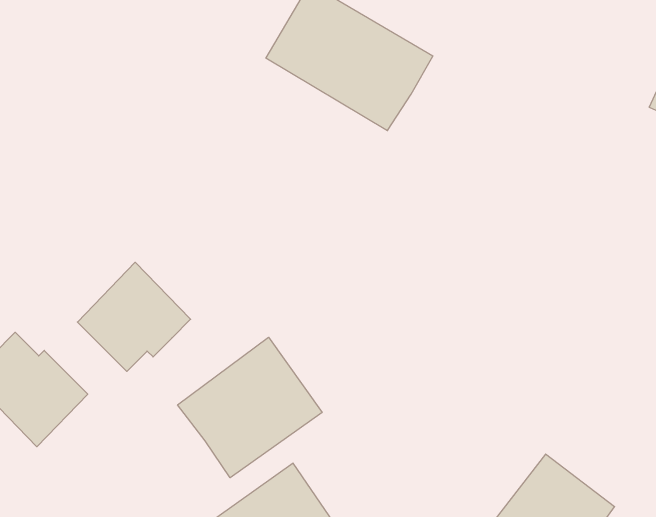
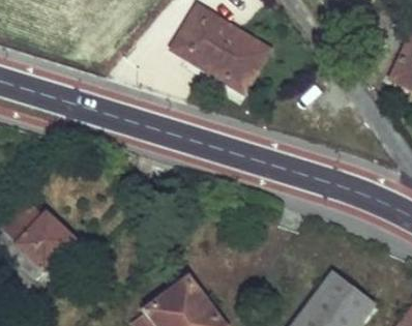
building: [77,262,191,371] -> none
building: [178,337,322,478] -> none

